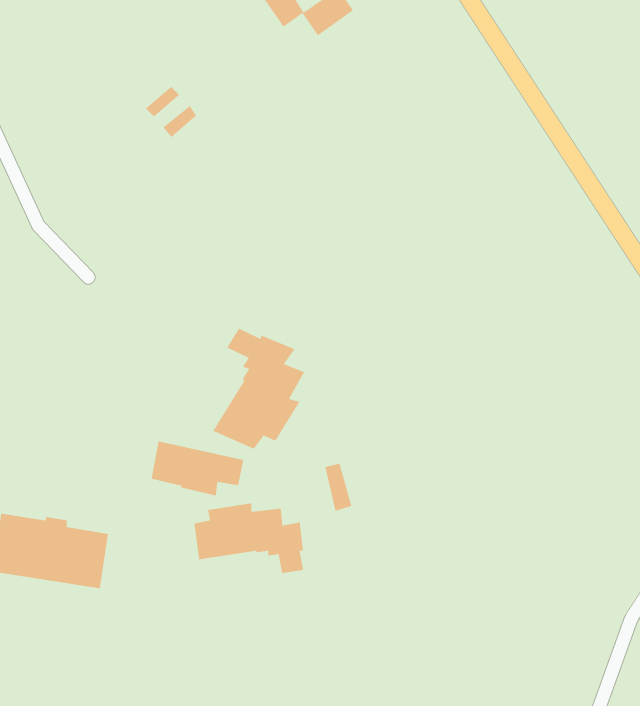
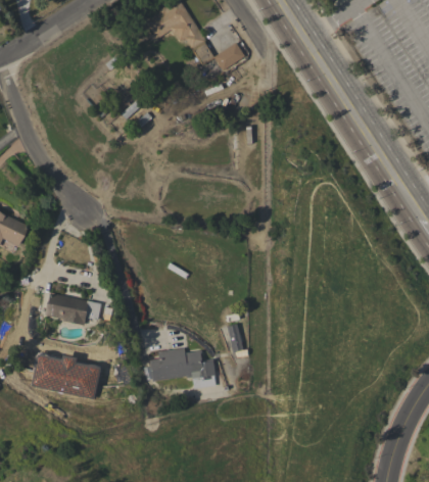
building: [213,328,305,449] -> none
building: [151,441,244,496] -> [46,292,101,325]

